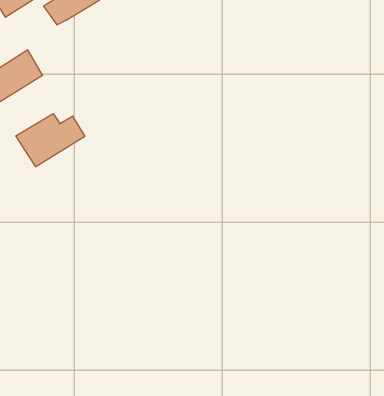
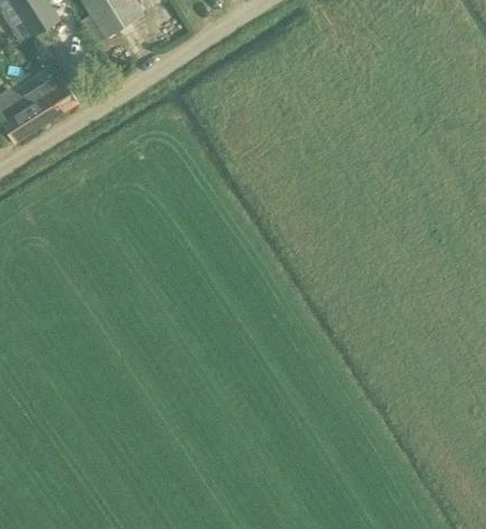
building: [16,114,85,167] -> none

